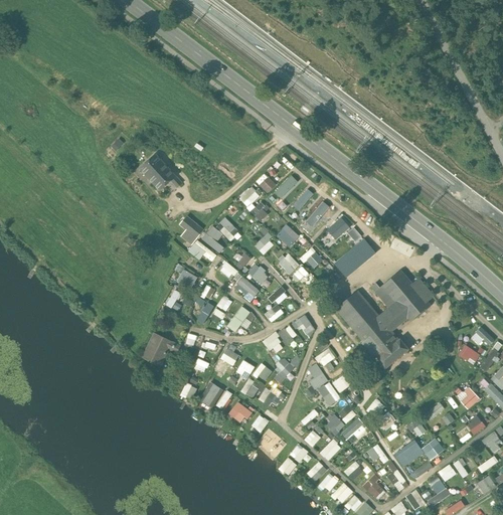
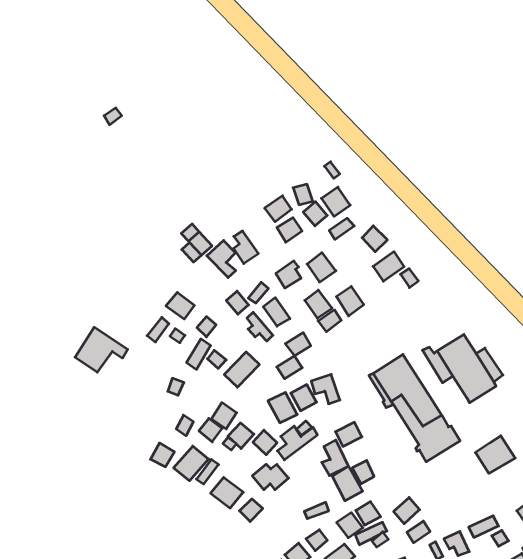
building: [140,154,175,191] -> none
building: [335,239,375,278] -> none
building: [379,303,409,332] -> [475,436,515,473]
building: [142,333,180,366] -> [75,327,128,372]

